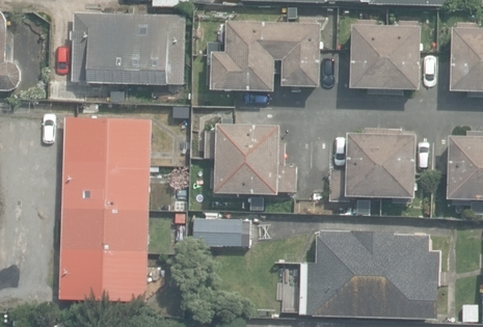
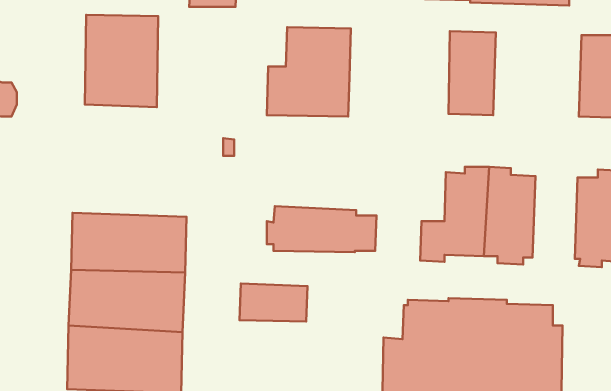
building: [127,13,184,84] -> none
building: [274,23,320,86] -> none
building: [384,26,420,89] -> none
building: [62,116,152,167] -> none
building: [203,125,280,162] -> none

